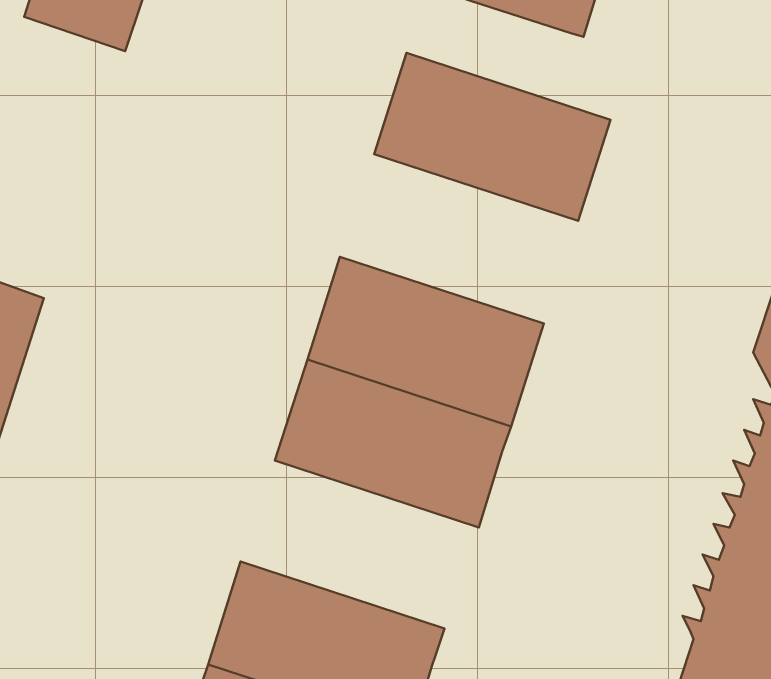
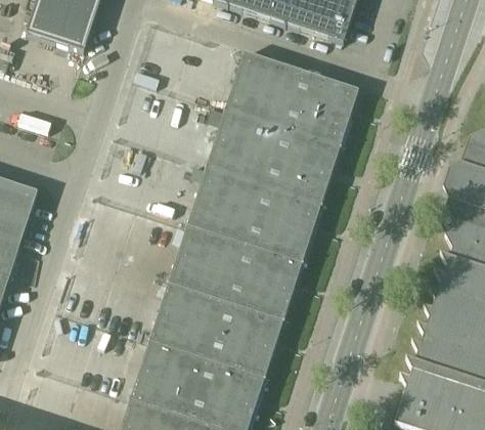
building: none -> [206,109,341,205]
building: none -> [149,283,284,378]

